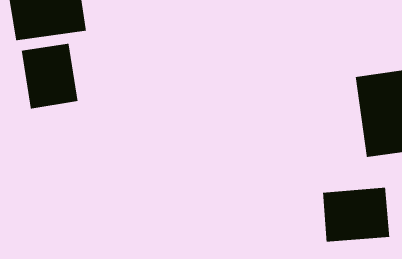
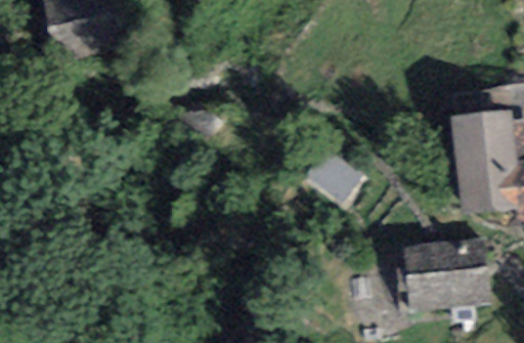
building: [21,43,78,110] -> none

